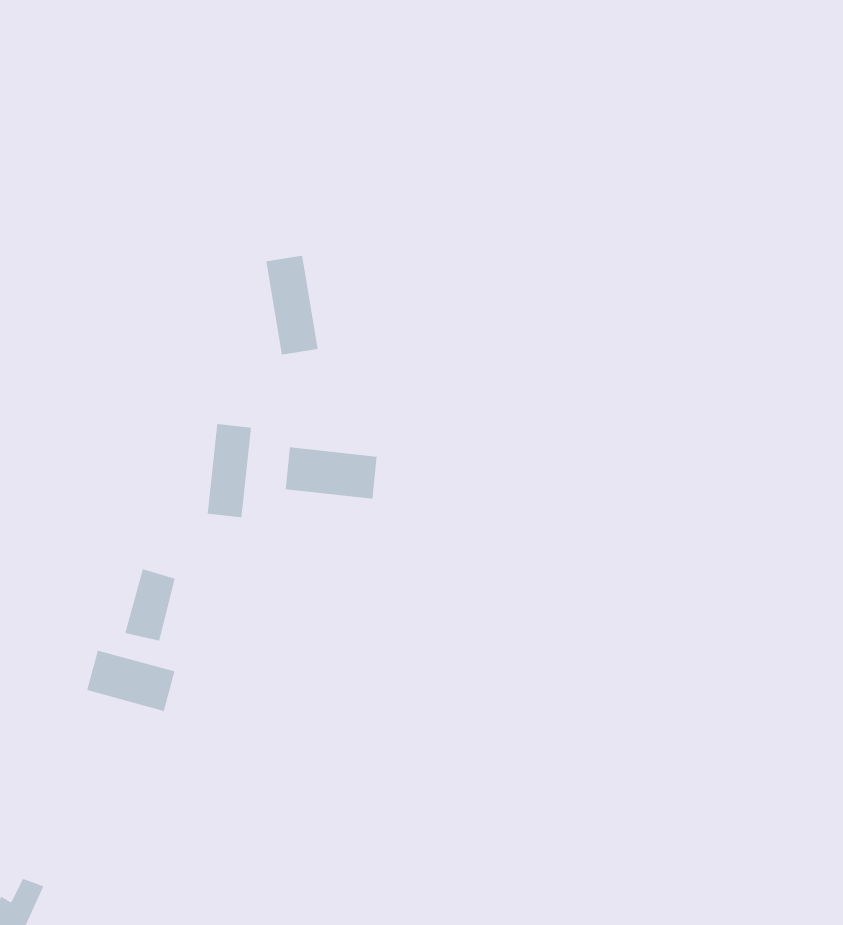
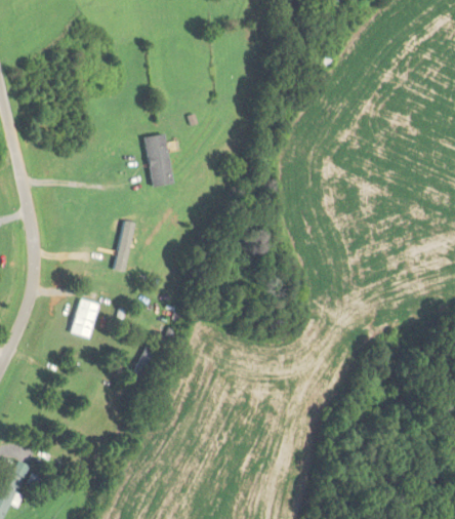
building: [285,447,377,499] -> none
building: [86,650,175,712] -> none

